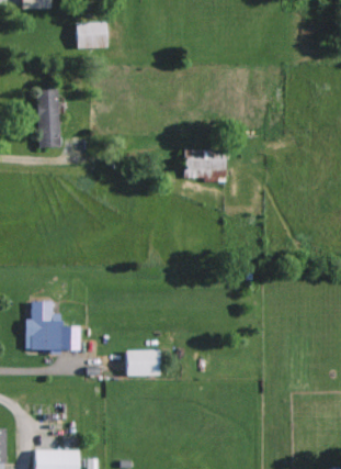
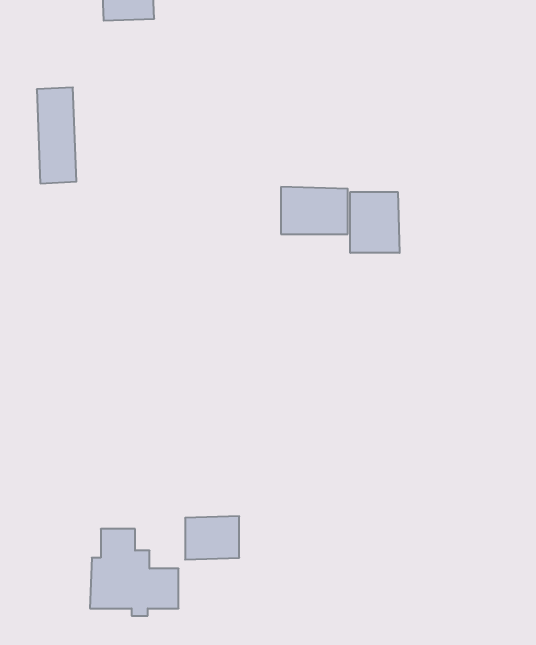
building: none -> [350,192,400,253]
building: [25,301,79,354] -> [90,529,179,616]

